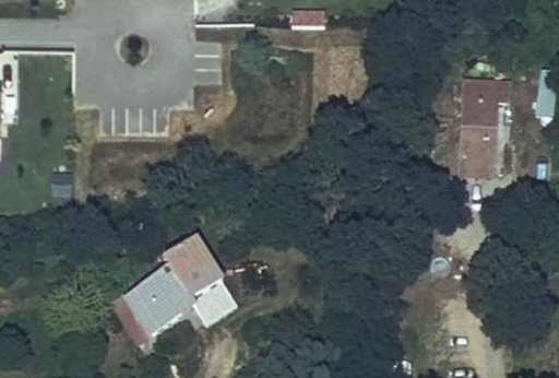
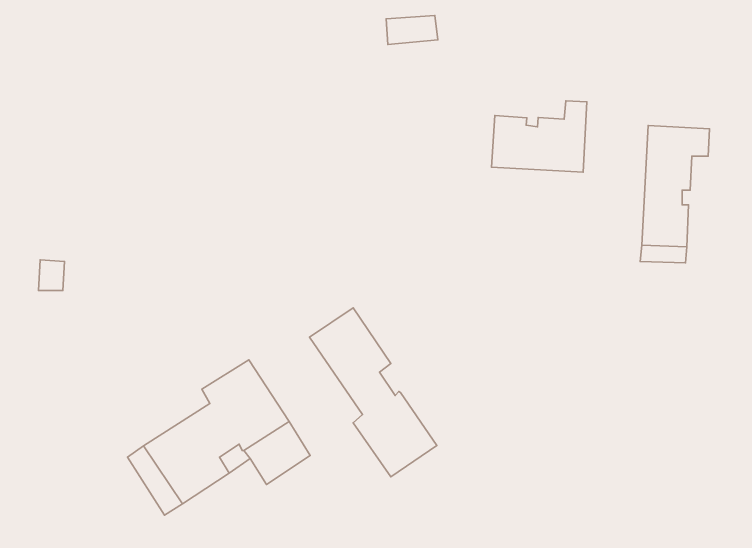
building: none -> [491,101,587,172]
building: none -> [309,308,437,477]

